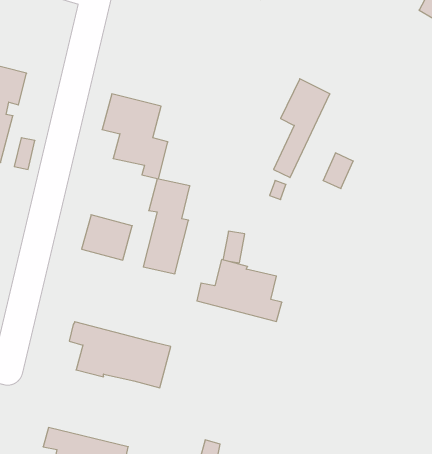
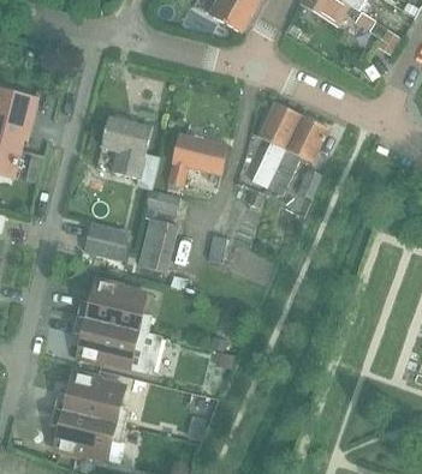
building: none -> [266,115,328,196]
building: none -> [166,133,227,192]
building: [197,260,282,321] -> [77,278,151,332]
building: none -> [54,371,129,424]

